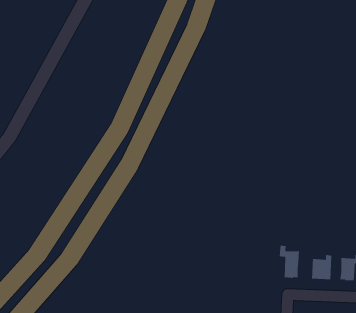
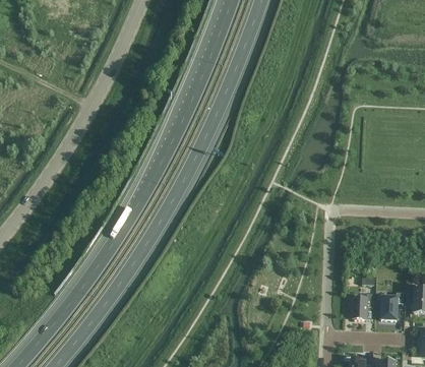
building: [279,245,300,279] -> none

